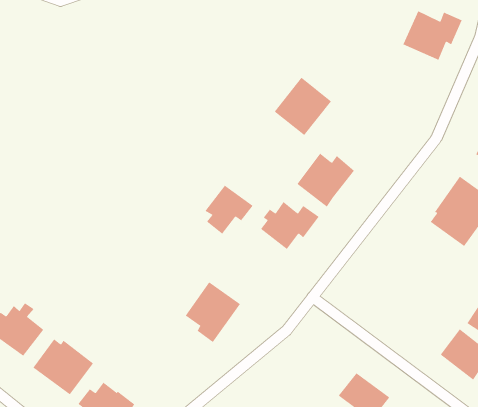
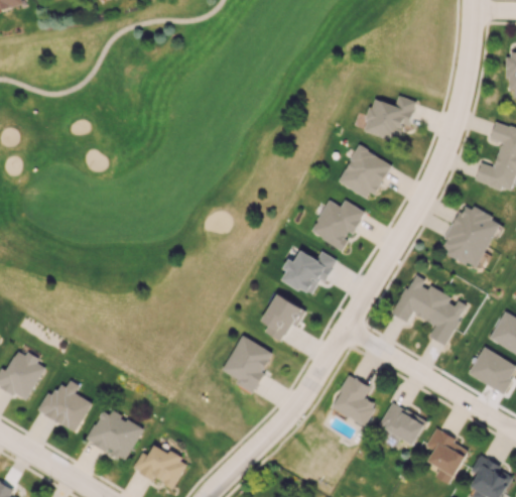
building: [403,11,463,60] -> [363,96,416,142]
building: [274,77,332,136] -> [338,145,391,201]
building: [205,185,253,235] -> [261,294,306,342]
building: none -> [393,274,467,346]
building: none -> [333,376,376,424]

